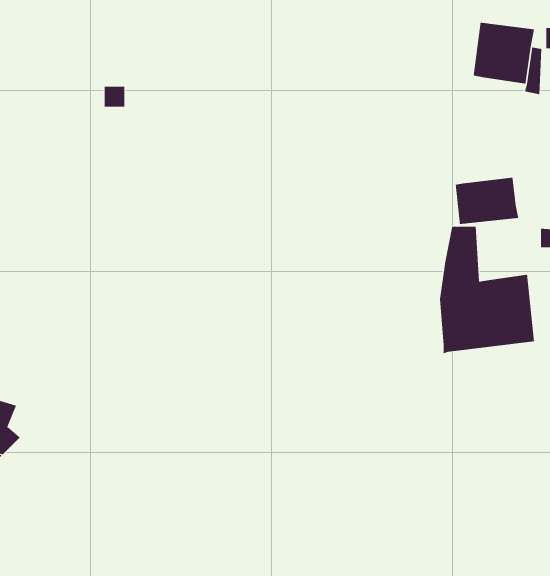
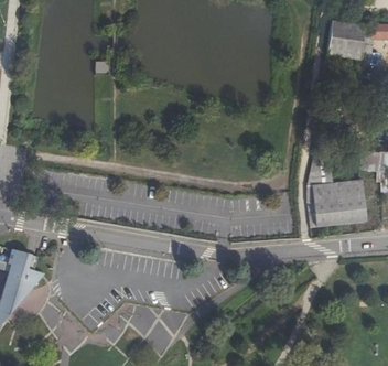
building: [455,177,519,225] -> none

